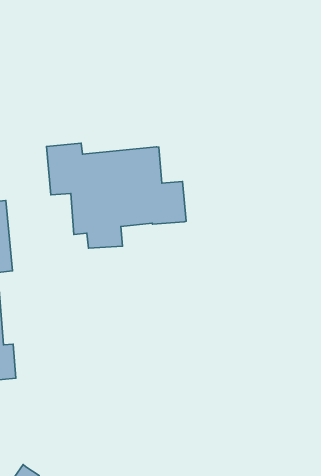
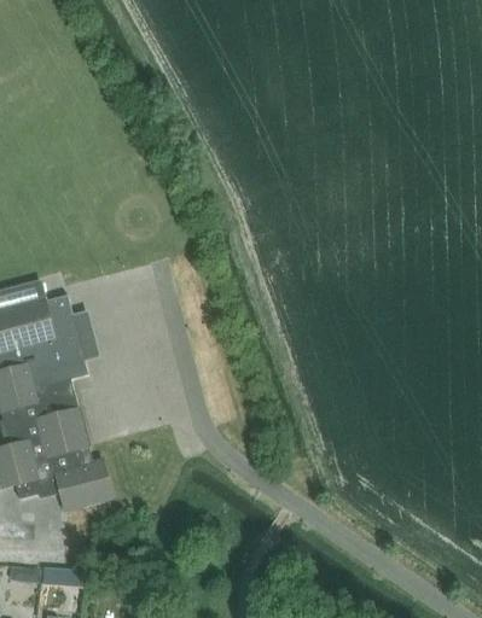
building: [46,143,186,248] -> none

